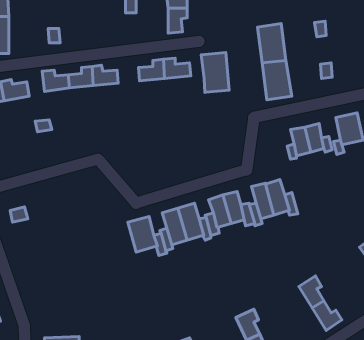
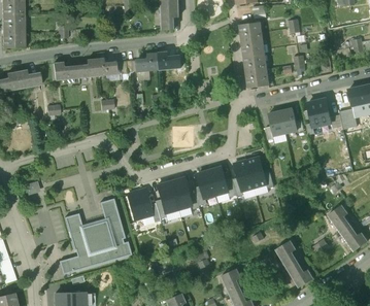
building: [201,53,229,93] -> none
building: none -> [59,198,131,274]

